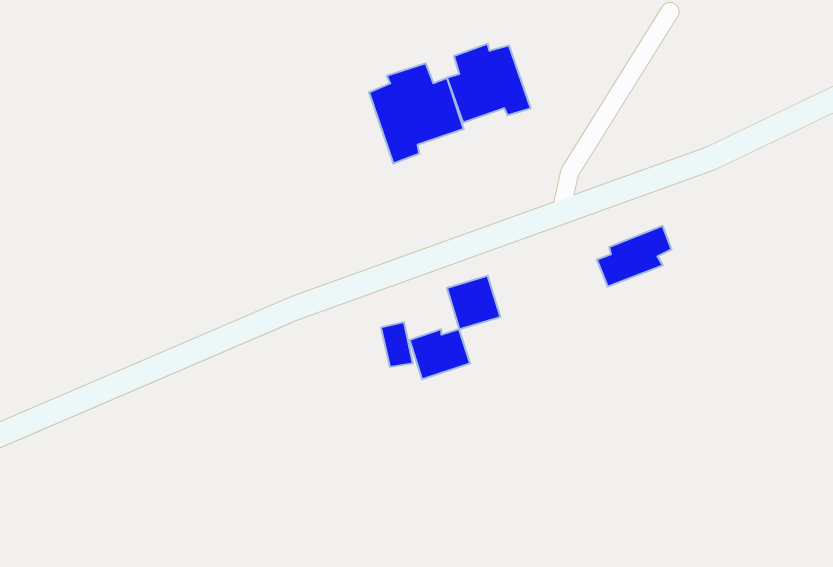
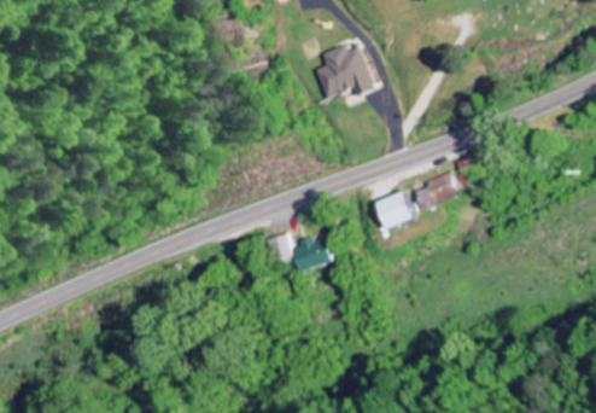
building: [369,63,464,164] -> none
building: [447,276,500,329] -> [381,191,417,227]

